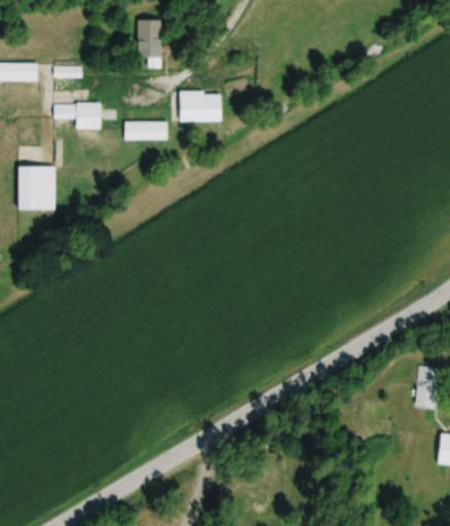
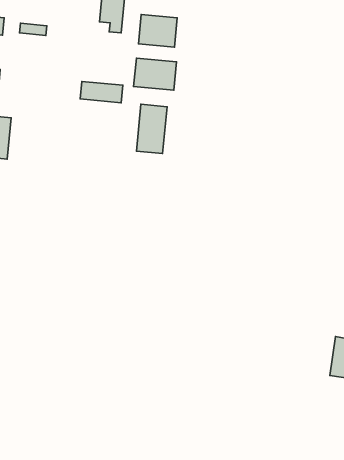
building: none -> [138,14,177,47]
building: [55,105,101,130] -> none
building: none -> [136,104,167,154]

